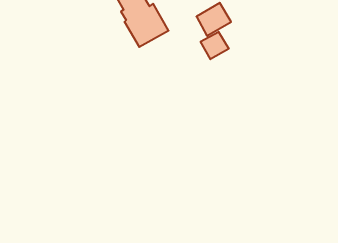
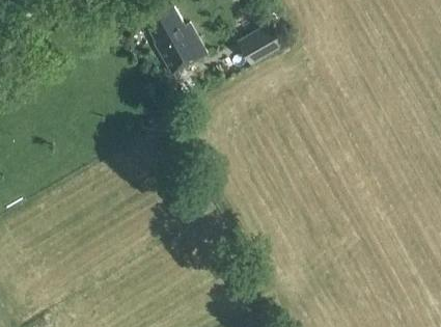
building: [201,32,229,59] -> none

